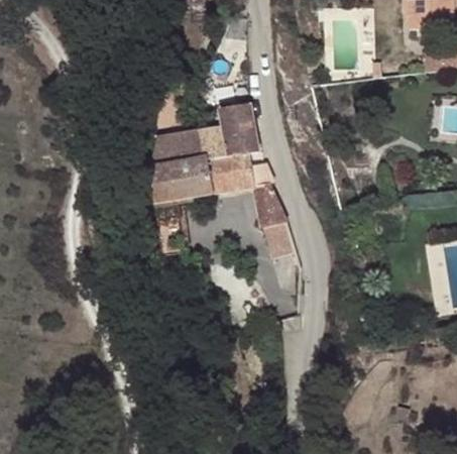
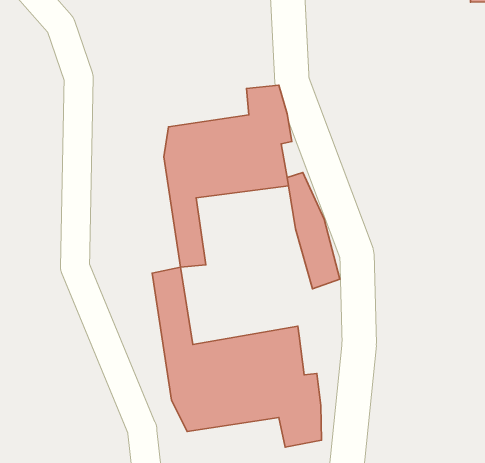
building: none -> [152,267,322,447]

